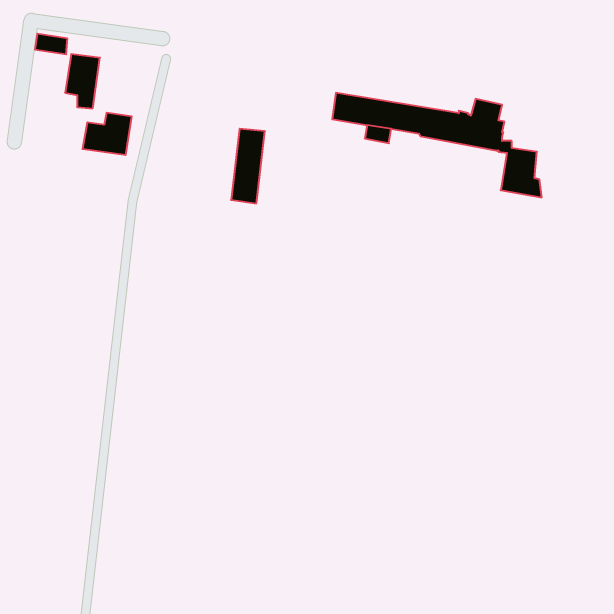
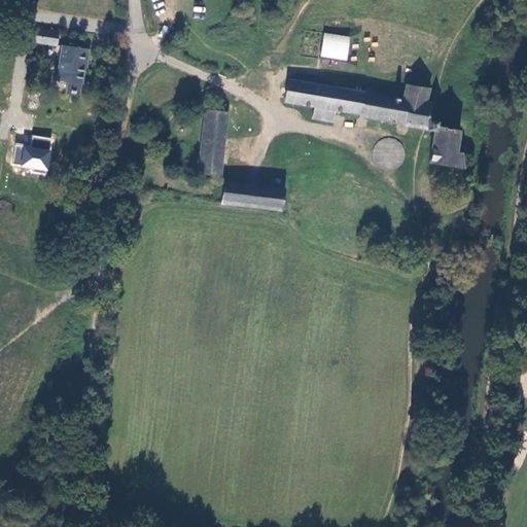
building: none -> [322,32,351,59]
building: [82,113,132,155] -> [12,134,55,170]
building: none -> [222,181,285,211]

